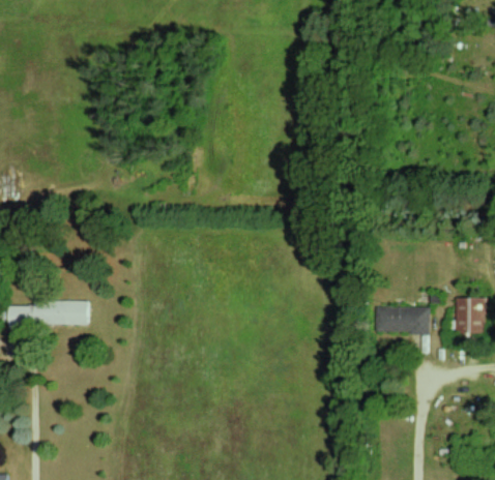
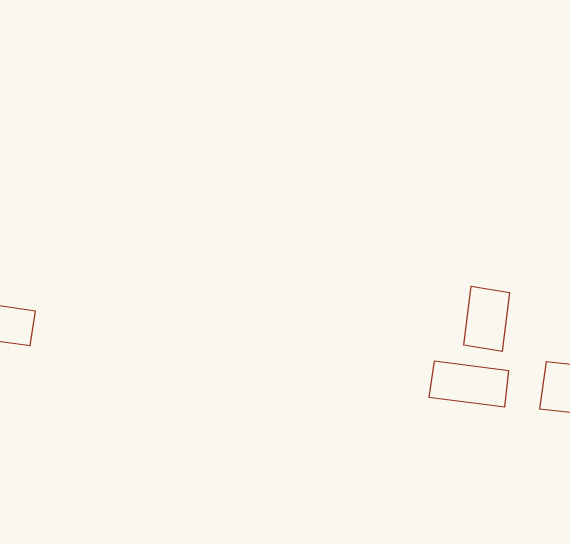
building: none -> [464,286,510,351]

